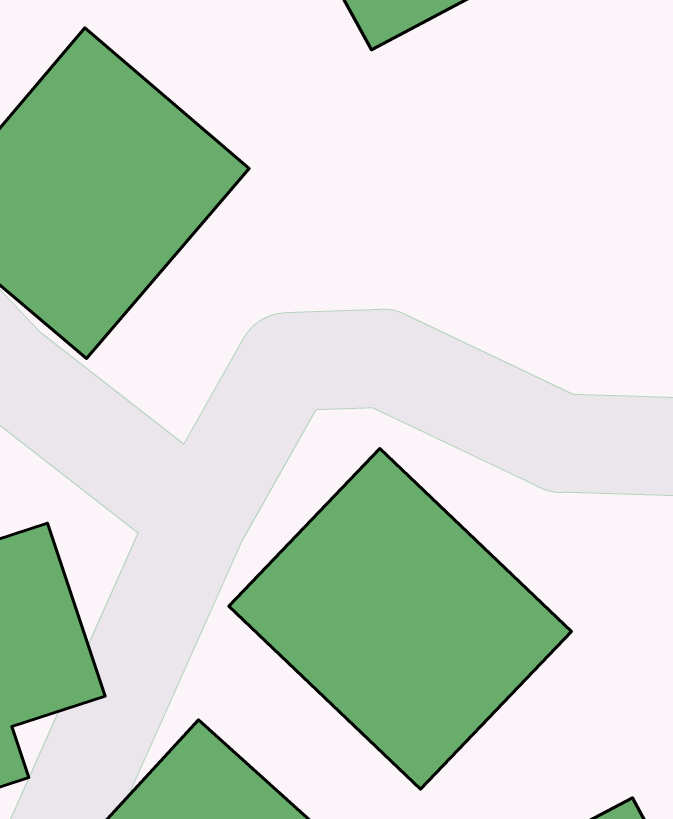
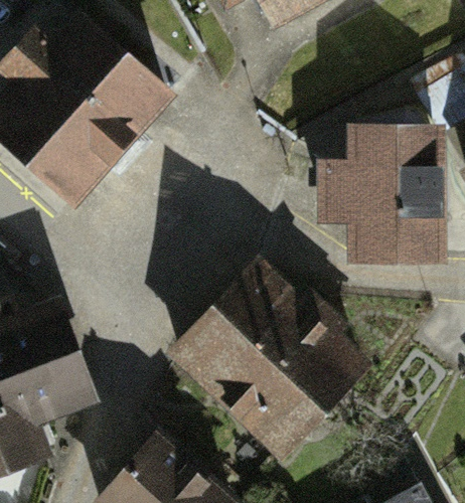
building: none -> [321,114,424,244]

